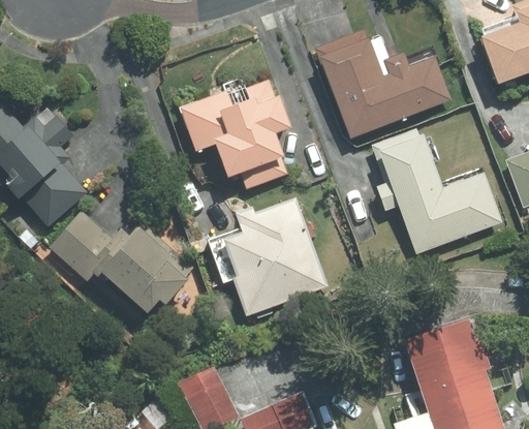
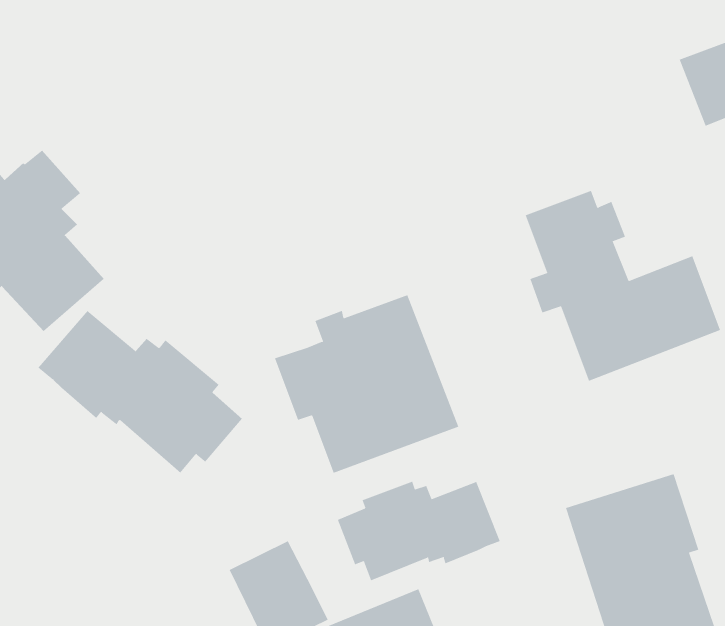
building: [316,29,453,142] -> none
building: [189,75,295,176] -> none
building: none -> [337,481,501,581]

